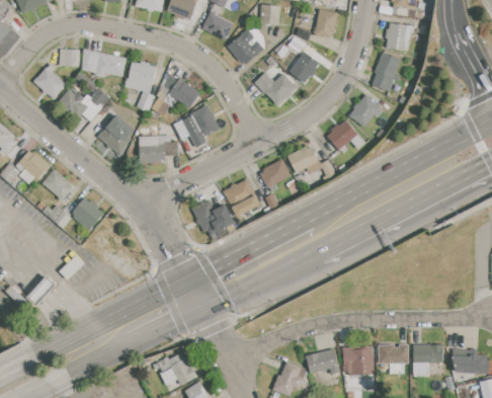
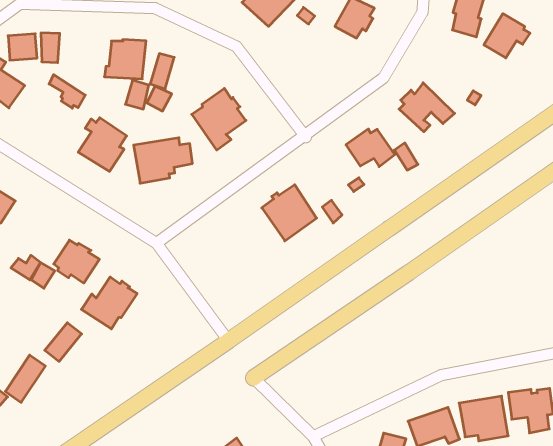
building: [96,53,127,77] -> none
building: [255,72,299,108] -> none
building: [169,77,201,108] -> none
building: [57,89,88,121] -> none
building: [349,95,383,127] -> [484,14,530,58]
building: [259,159,291,192] -> none
building: [43,169,73,201] -> none
building: [192,201,236,237] -> none
building: none -> [81,277,137,329]

